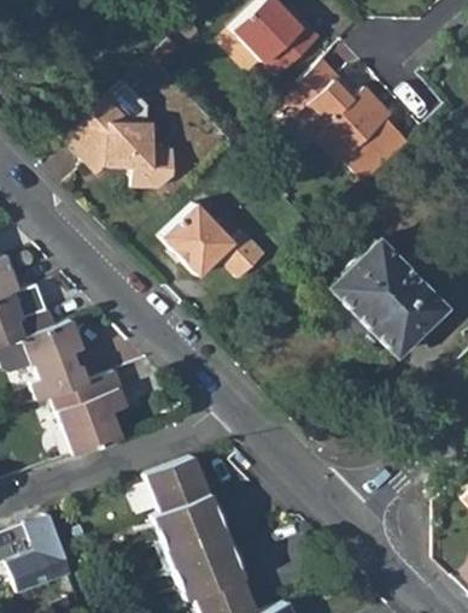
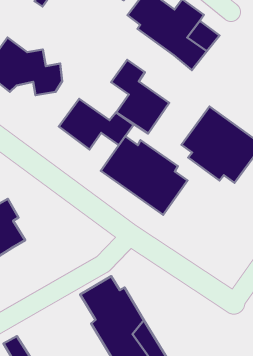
building: none -> [111,60,169,134]
building: none -> [101,136,187,215]
building: [57,373,128,458] -> none

